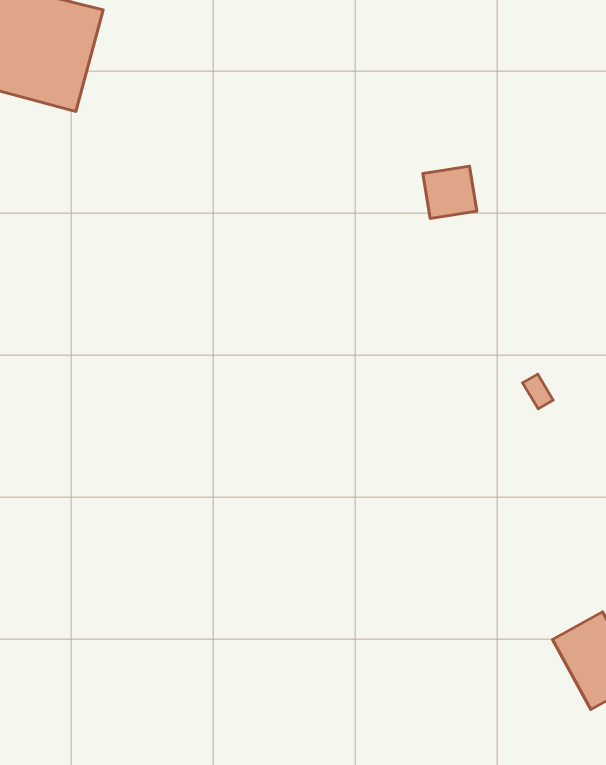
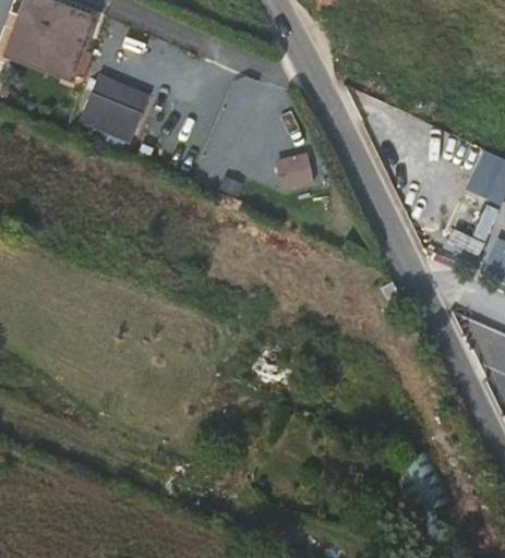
building: none -> [76,73,147,143]
building: [423,166,477,219] -> [277,151,313,186]

